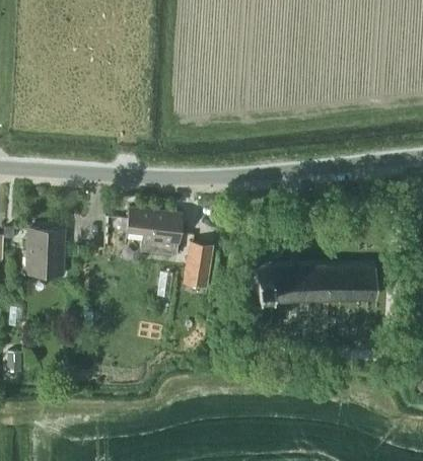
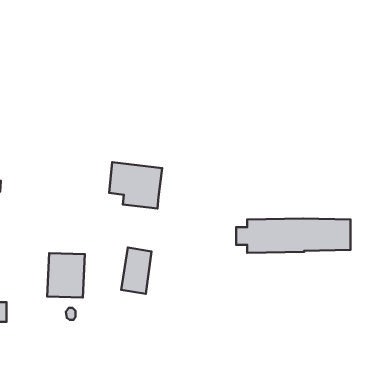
building: [26,229,65,275] -> [47,253,85,297]
building: [183,241,214,289] -> [121,247,152,294]

